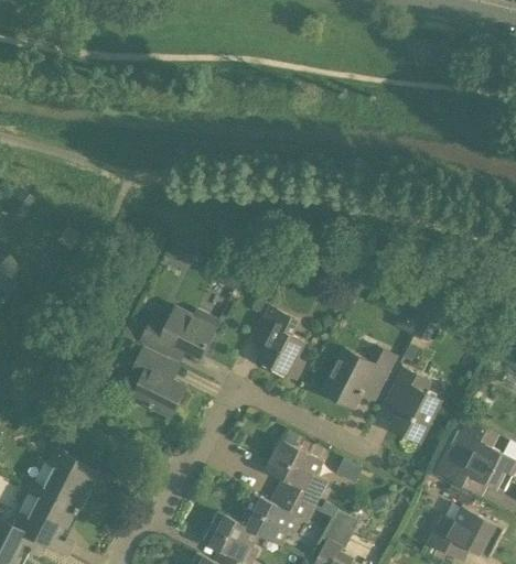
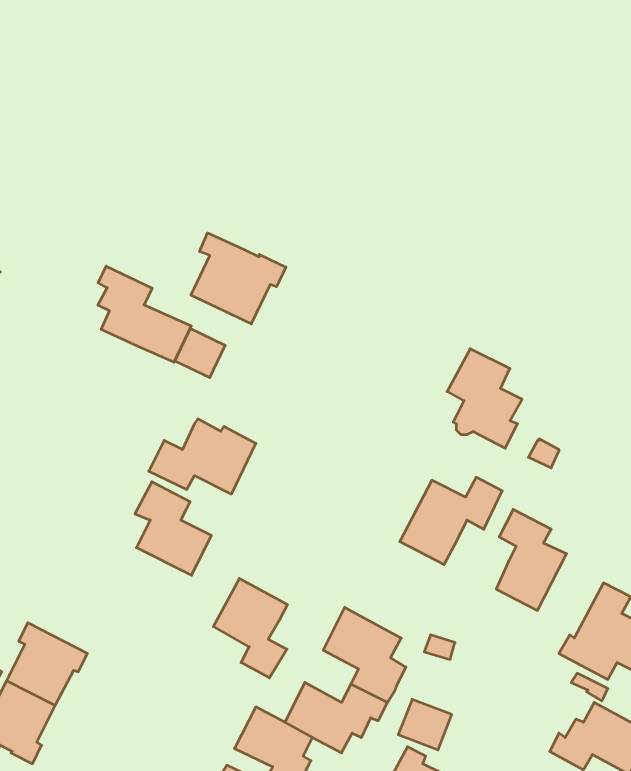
building: none -> [191,233,286,324]
building: none -> [98,266,191,362]
building: [251,307,305,379] -> [447,349,522,448]
building: none -> [213,578,287,678]

